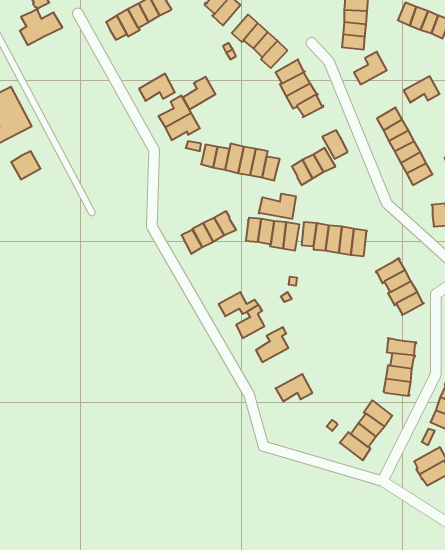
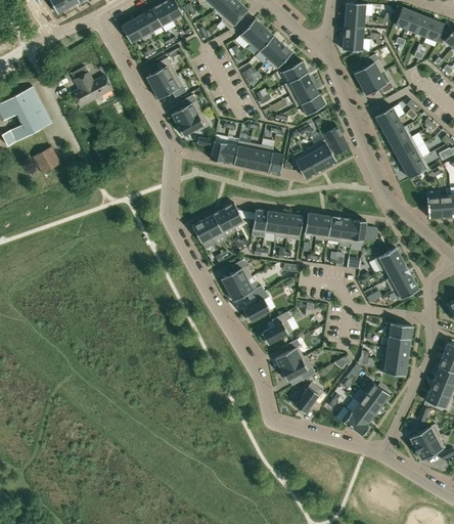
building: [20,9,62,45] -> [73,73,112,106]
building: [404,76,440,103] -> [360,72,394,96]
building: [183,77,216,110] -> [146,58,177,89]
building: [259,194,296,219] -> none
building: none -> [221,260,252,291]
building: none -> [275,340,304,369]
building: none -> [290,383,327,413]

